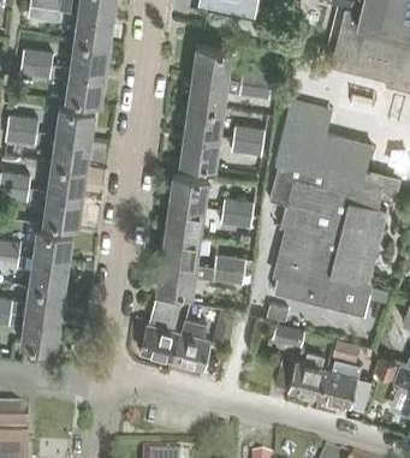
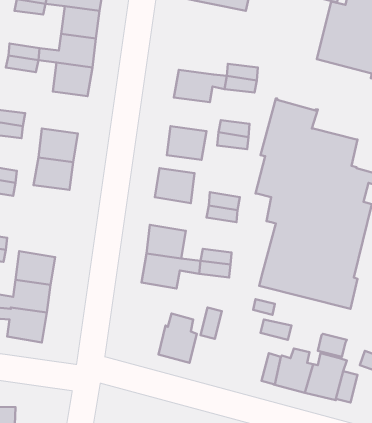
building: [192,46,232,79] -> none
building: [184,102,224,136] -> none
building: [55,105,95,138] -> none
building: [43,190,83,224] -> none
building: [164,202,204,236] -> none
building: [32,227,72,262] -> none
building: [141,298,180,359] -> none

